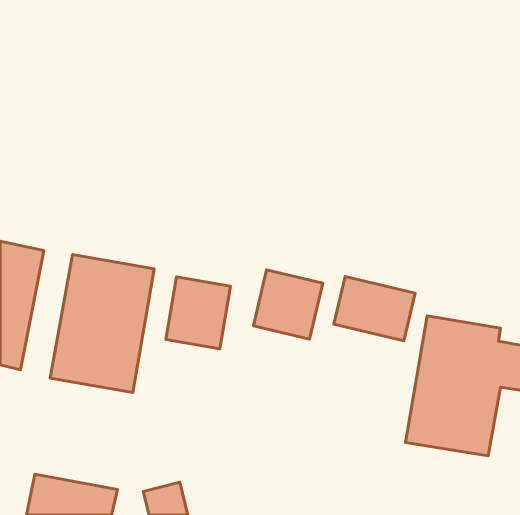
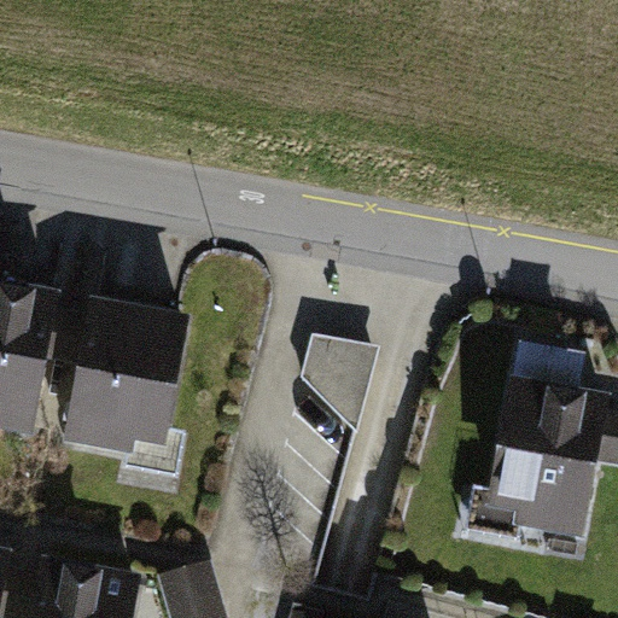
building: [334,277,415,341] -> none
building: [166,277,231,349] -> none

